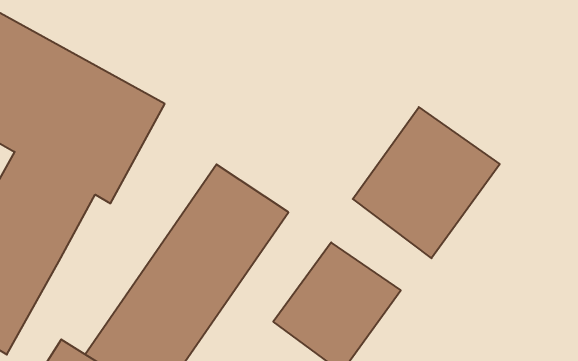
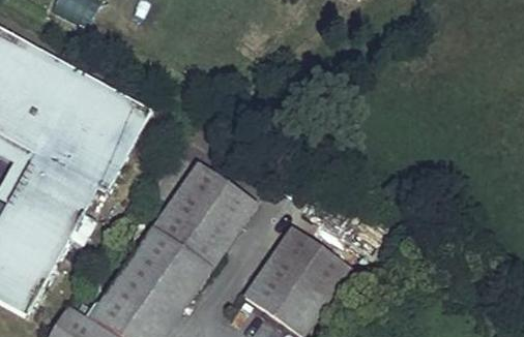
building: [353,107,500,258] -> none

